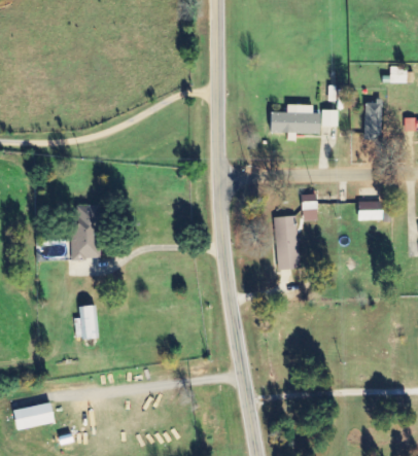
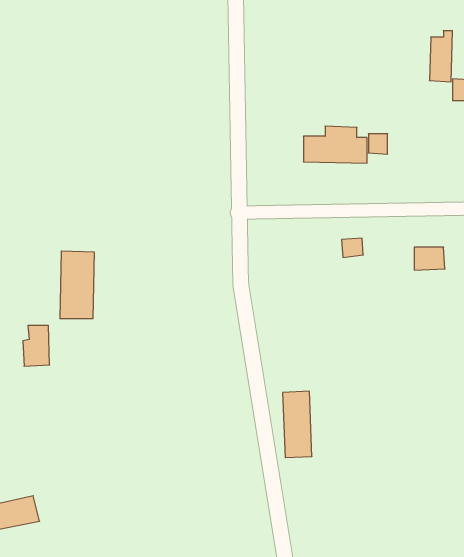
building: [363,98,382,139] -> [429,31,452,82]
building: [274,215,298,269] -> [283,391,312,458]
building: [74,306,96,339] -> [23,325,50,366]

